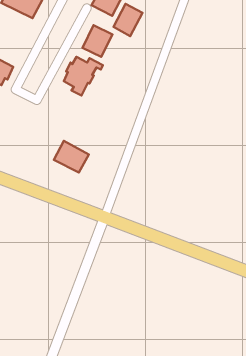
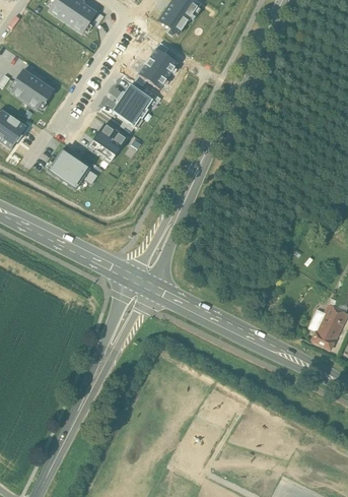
building: [114,4,142,36] -> none
building: none -> [89,121,128,160]
building: [54,141,89,172] -> [48,147,90,187]

